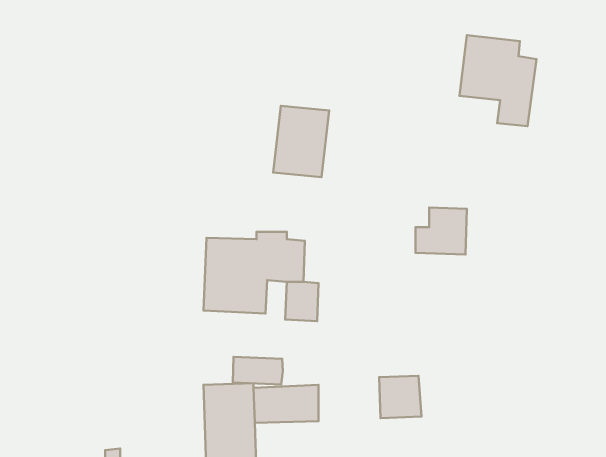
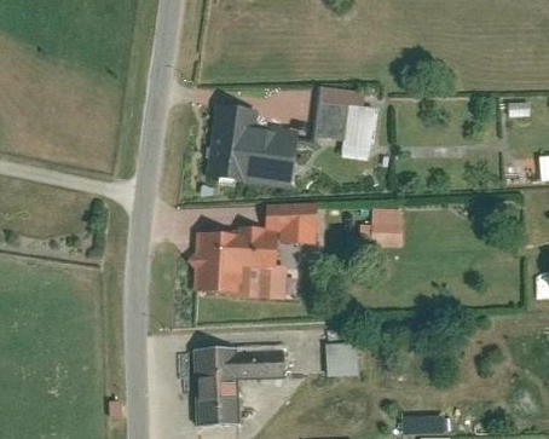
building: [459,35,537,126] -> [313,86,375,158]
building: none -> [208,105,256,185]
building: none -> [260,202,318,244]
building: [233,357,283,384] -> none

